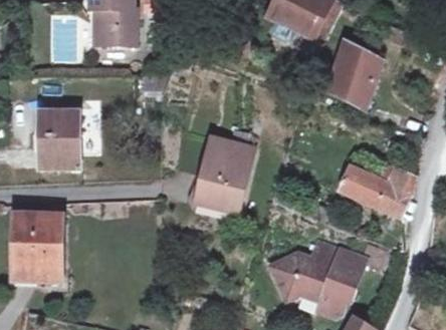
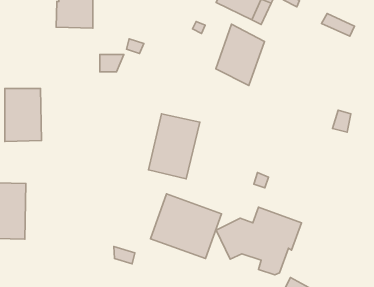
building: [328,41,382,108] -> [216,24,264,85]
building: [340,164,415,217] -> none
building: none -> [151,194,222,259]

